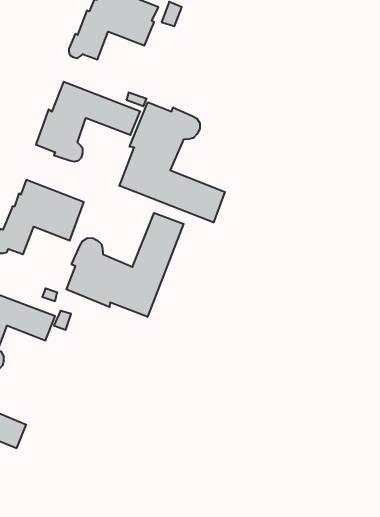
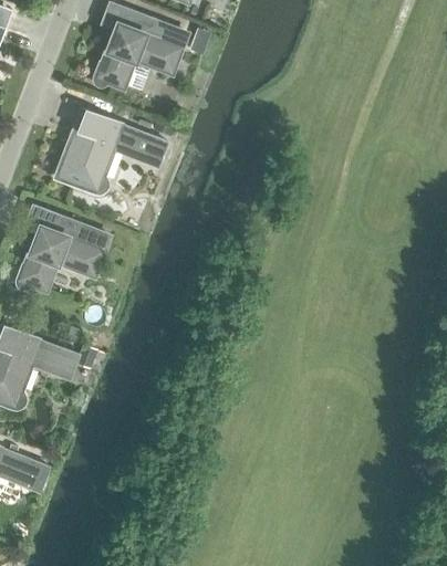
building: [119,102,225,222] -> none
building: [66,213,184,317] -> none

